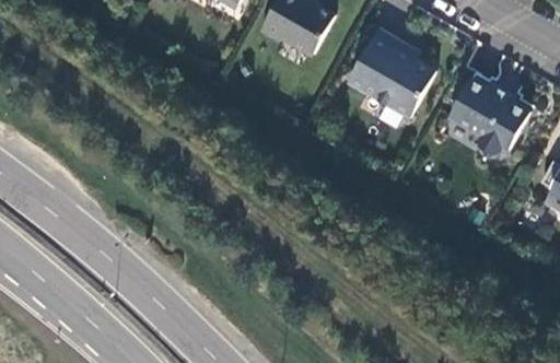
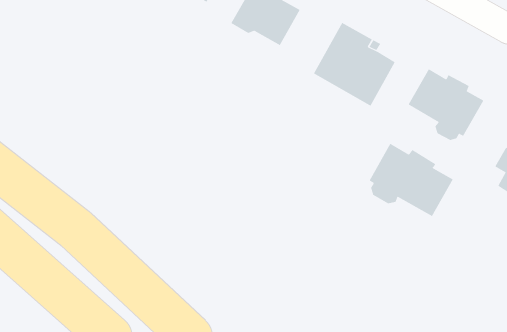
building: none -> [369,143,454,217]

